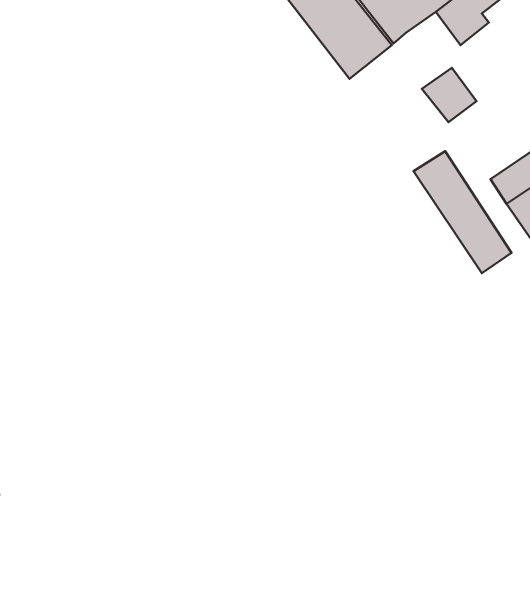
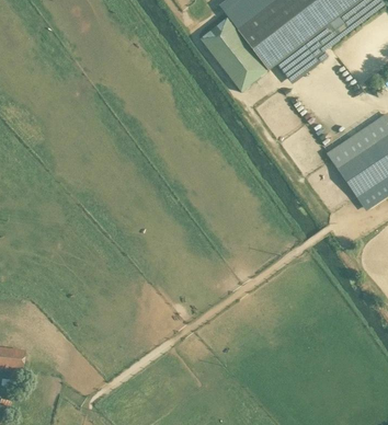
building: [422,68,477,122] -> [276,47,310,81]
building: [414,151,511,273] -> none

